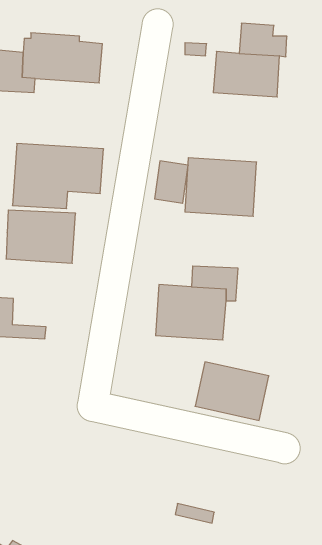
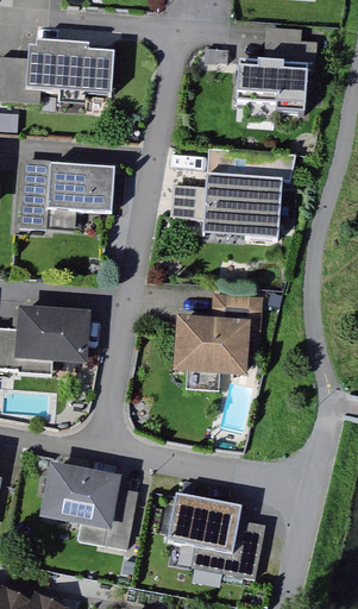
building: [6,210,76,263] -> [14,303,90,362]
building: [195,362,269,420] -> [176,492,257,557]
building: none -> [34,472,133,535]

